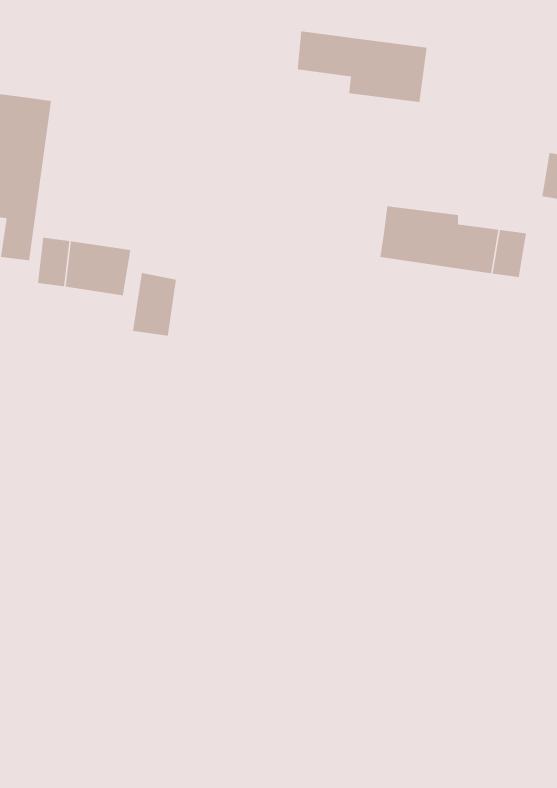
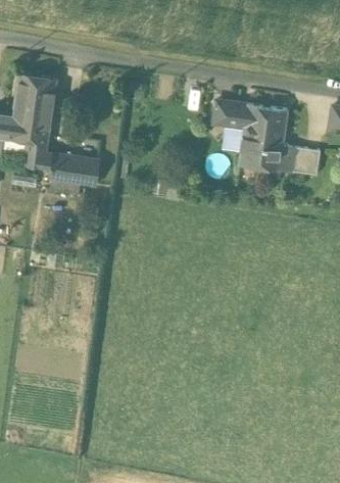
building: [297,31,428,103] -> [214,101,287,141]
building: [133,272,177,337] -> none

